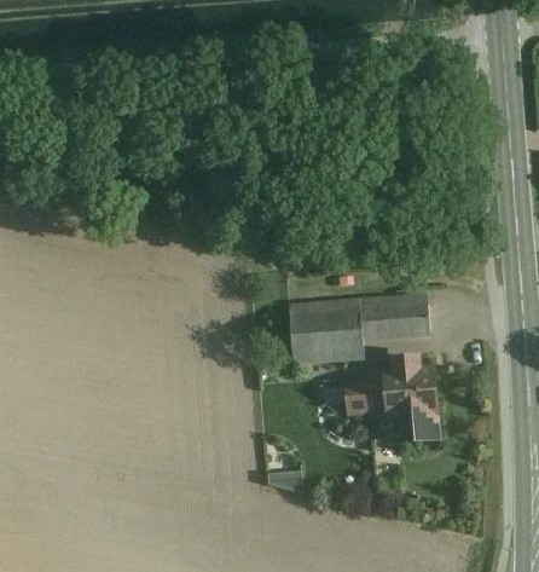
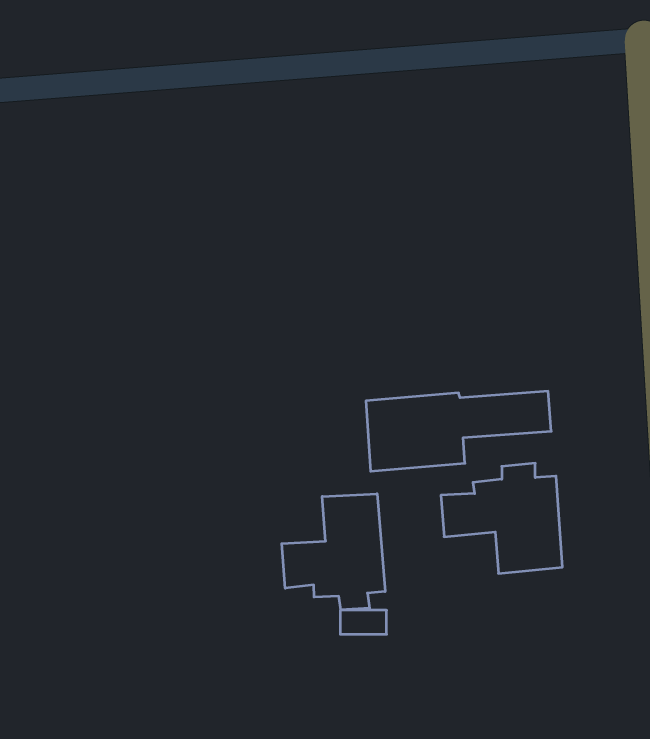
building: none -> [282,494,385,610]

